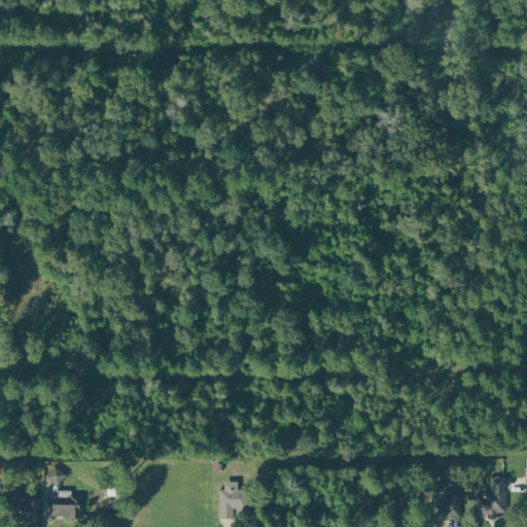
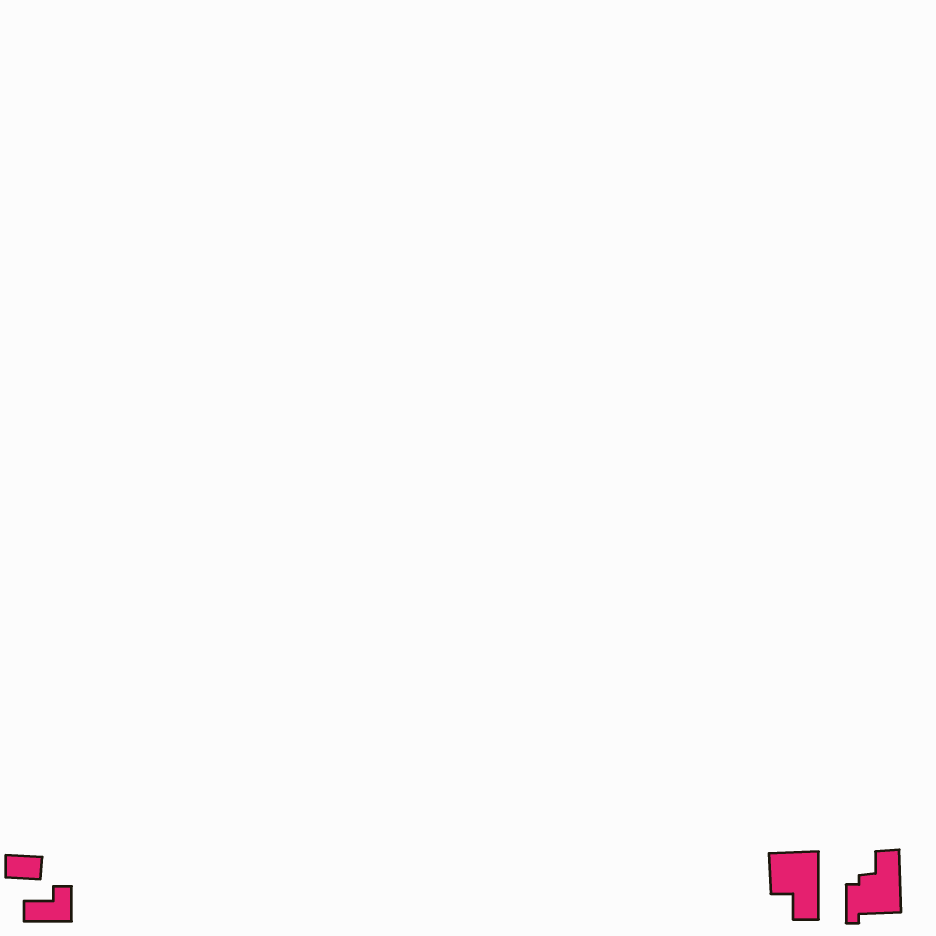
building: [219,482,245,520] -> none
building: [48,495,82,519] -> none

